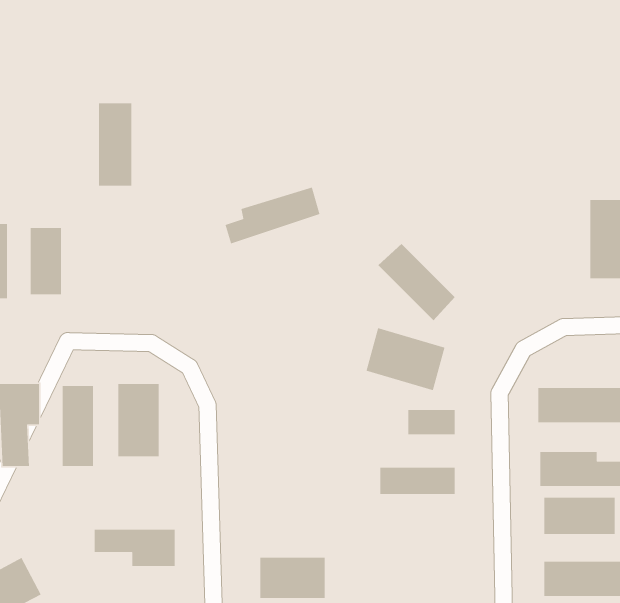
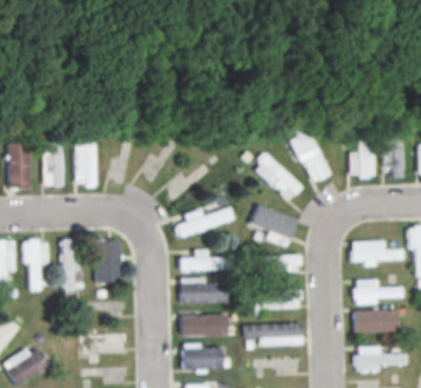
building: [98,102,132,186] -> [75,137,96,188]
building: [224,186,320,244] -> [175,204,233,239]
building: none -> [290,131,330,183]
building: none -> [349,147,374,178]
building: none -> [178,251,228,272]
building: none -> [181,279,226,303]
building: none -> [182,315,228,336]
building: none -> [244,324,302,346]

